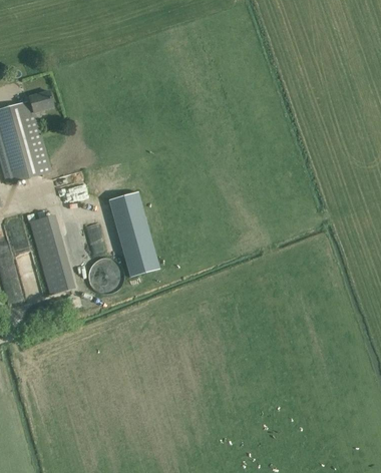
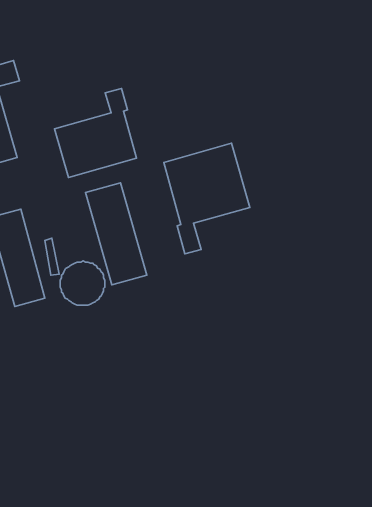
building: none -> [55,88,136,178]
building: none -> [164,143,250,254]

